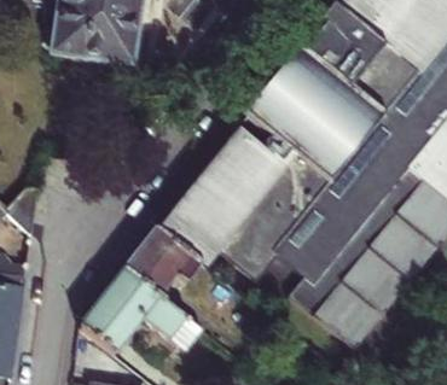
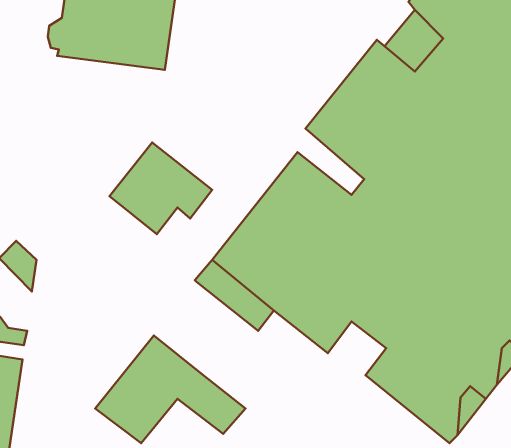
building: [130,224,209,294] -> [109,143,212,234]

